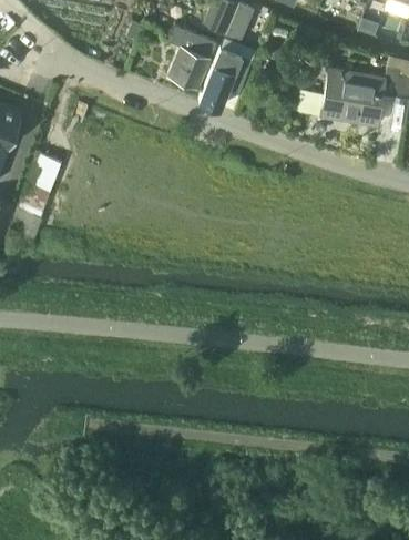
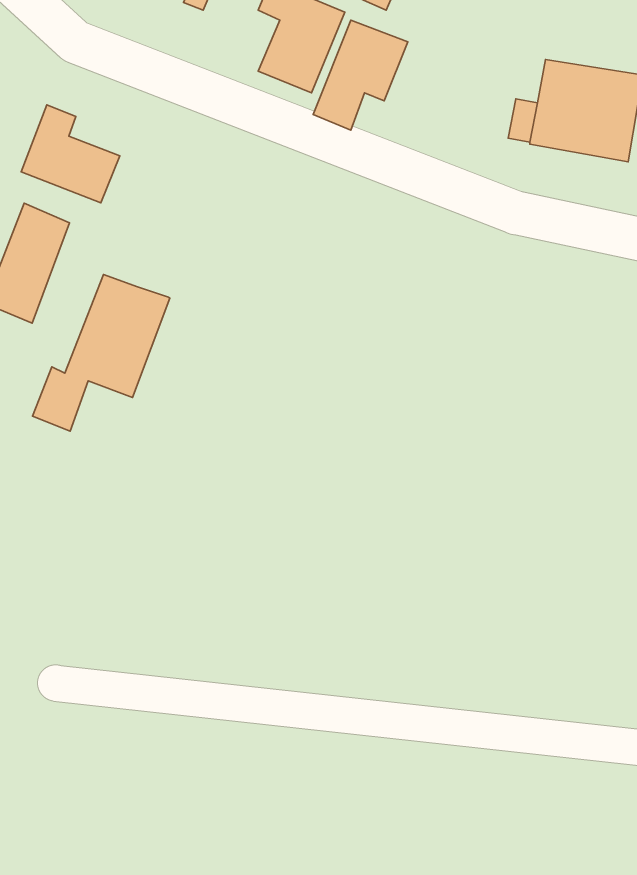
building: none -> [21,105,120,203]
building: none -> [32,275,170,431]

